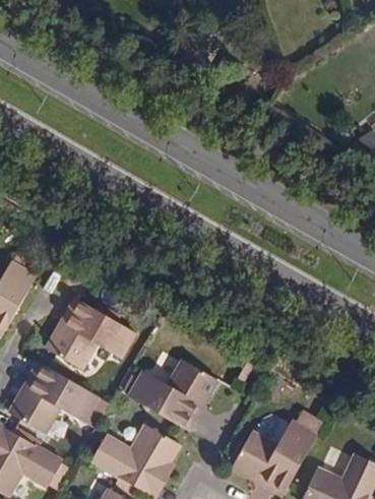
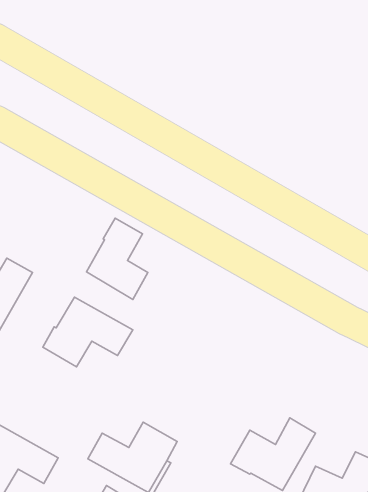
building: none -> [87,218,148,299]
building: [128,360,216,429] -> none
building: [8,363,110,432] -> none

